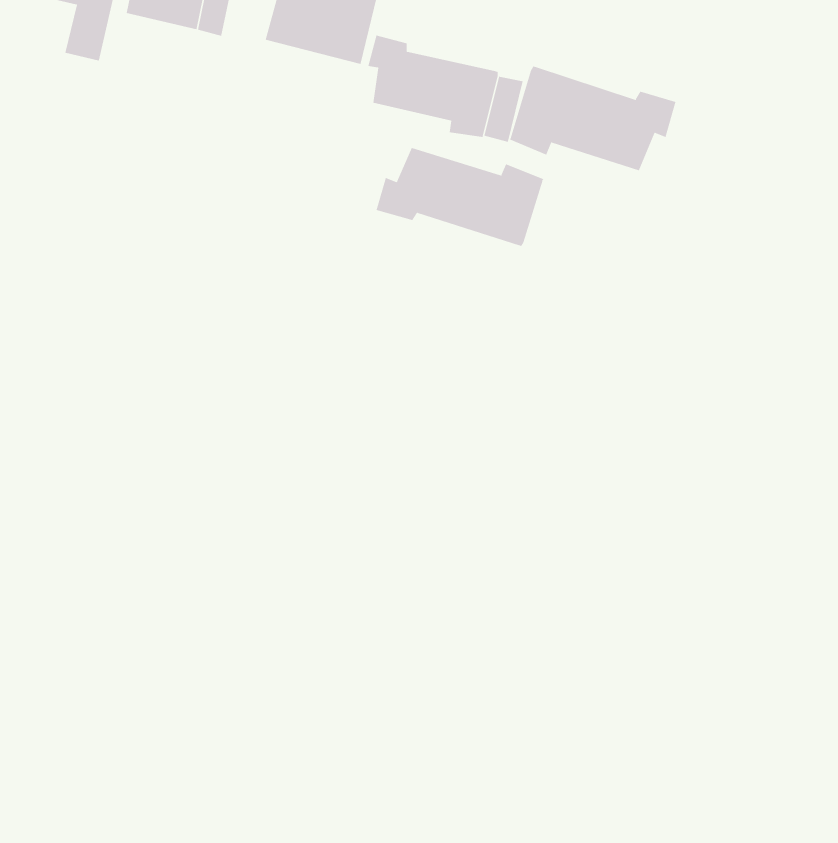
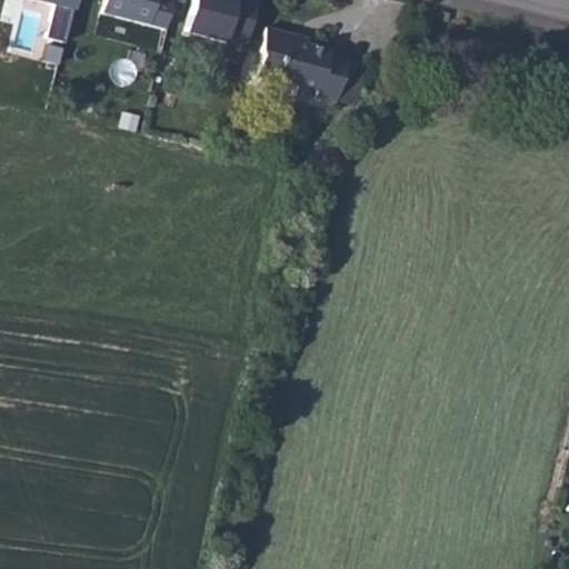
building: [509,65,676,171] -> none
building: [376,147,544,247] -> none

